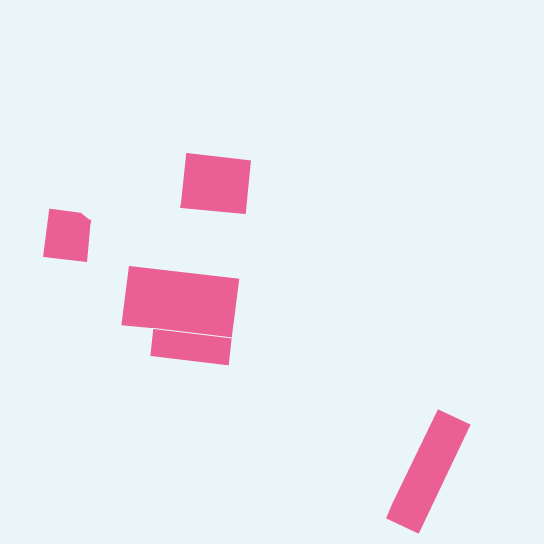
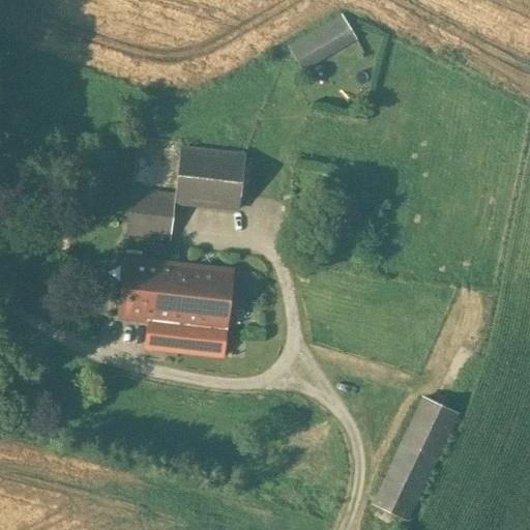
building: none -> [290,16,357,69]
building: [42,208,92,263] -> [127,185,176,238]

